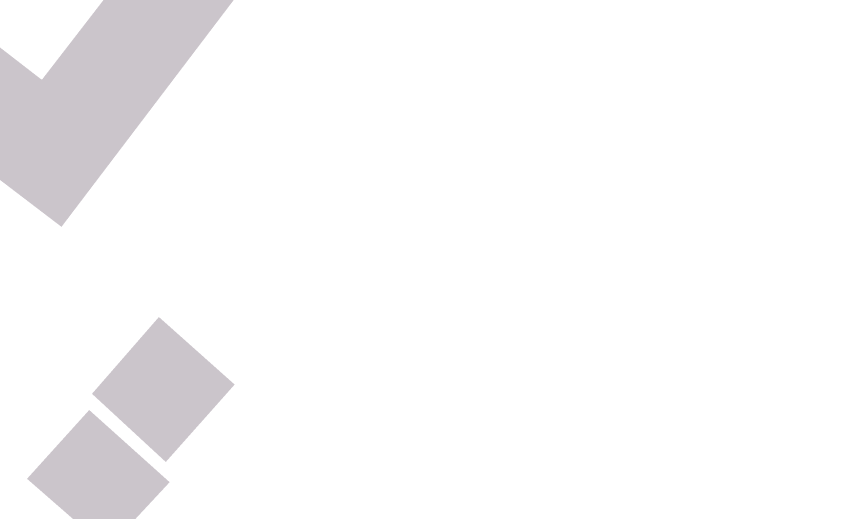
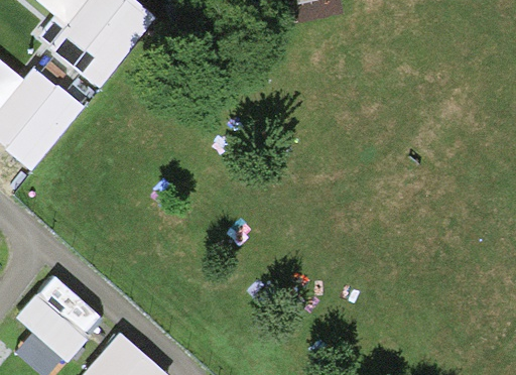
building: [91,316,235,463] -> none

